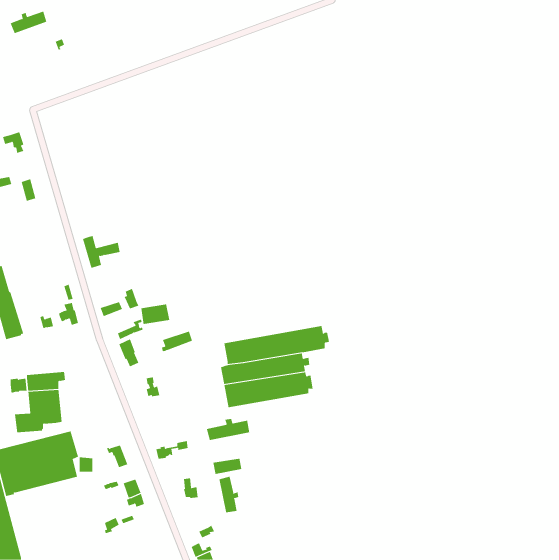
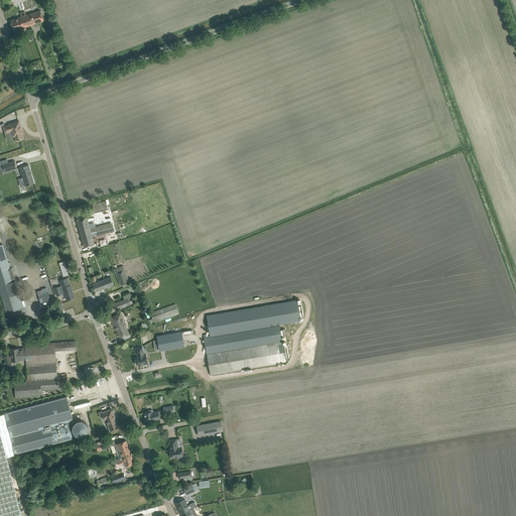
building: [141,304,170,325] -> [156,332,183,351]
building: [206,418,250,441] -> none
building: [219,476,239,513] -> none

